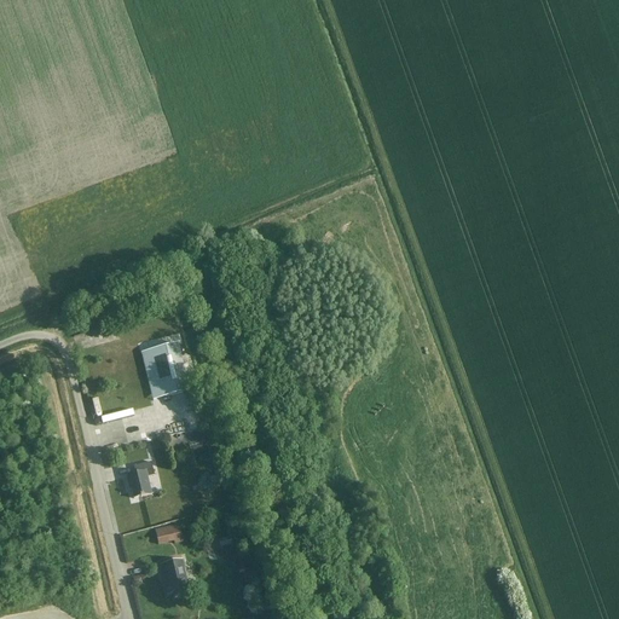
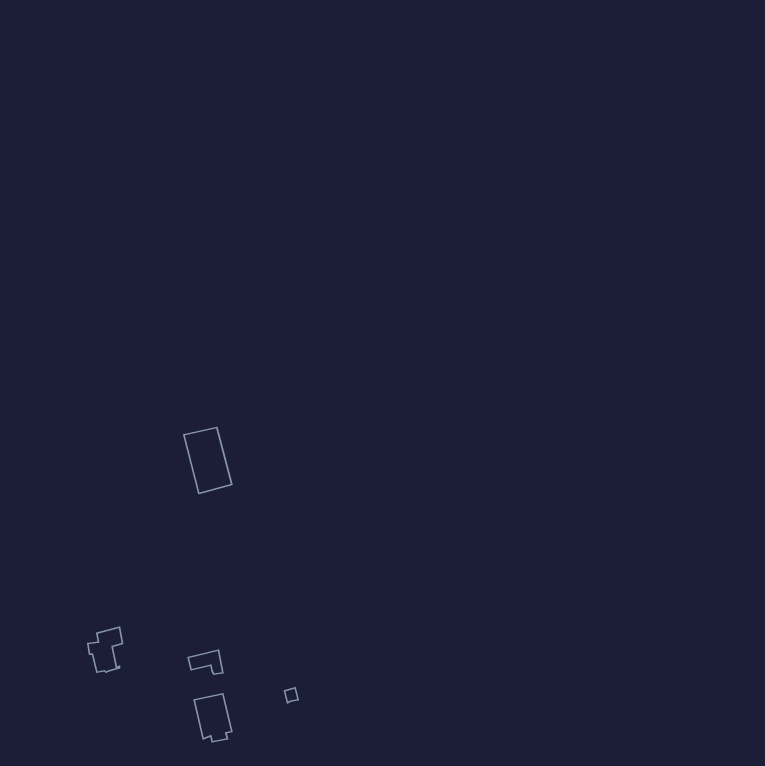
building: [123,461,151,497] -> [88,627,123,672]

